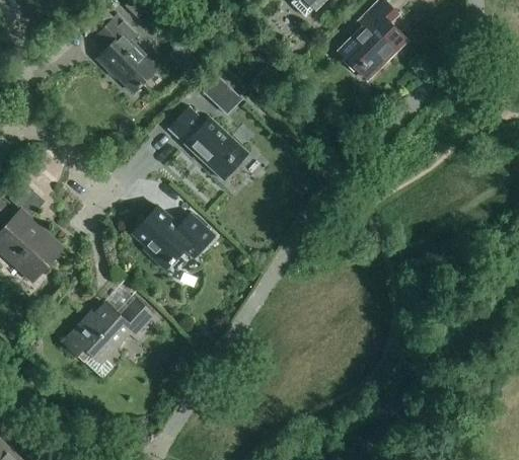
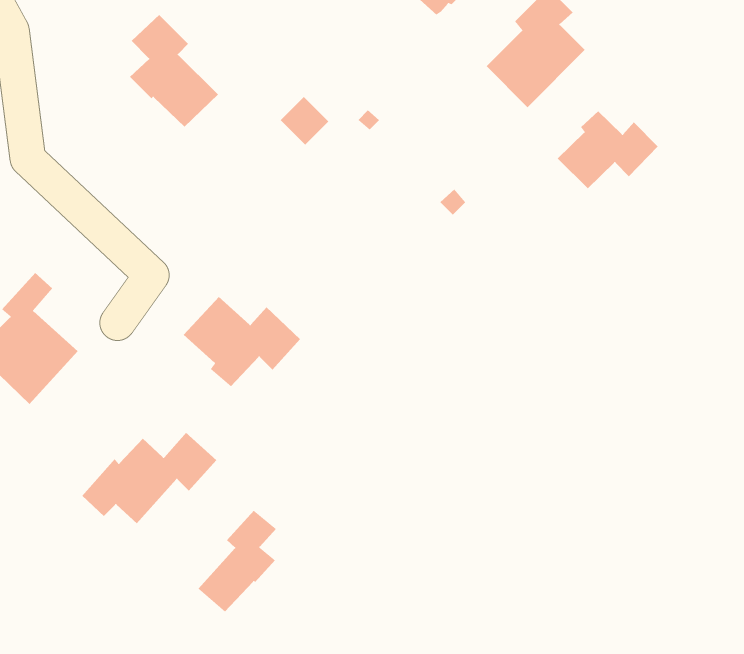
building: none -> [557,110,658,189]
building: [167,106,242,180] -> none
building: none -> [197,510,277,613]

